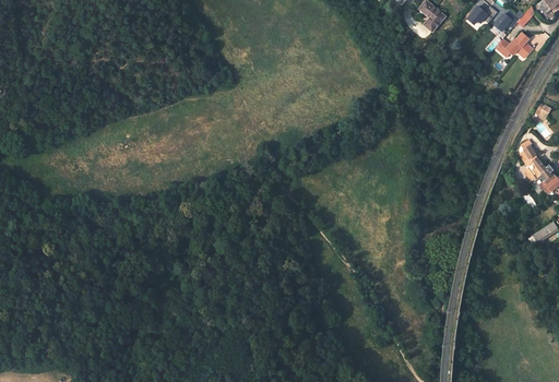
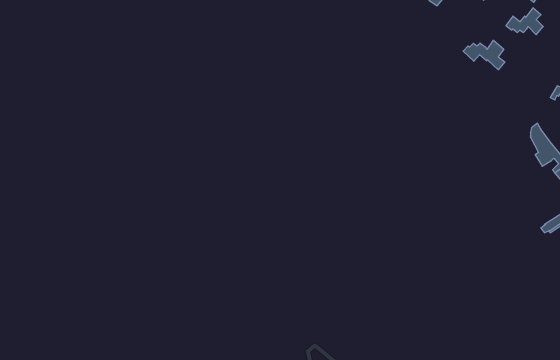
building: none -> [463,40,505,70]

